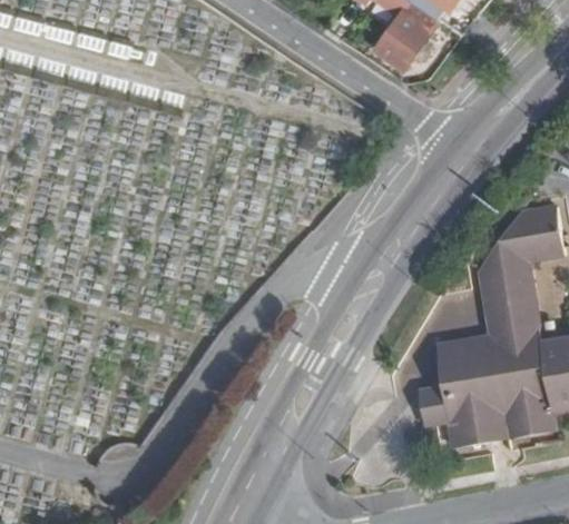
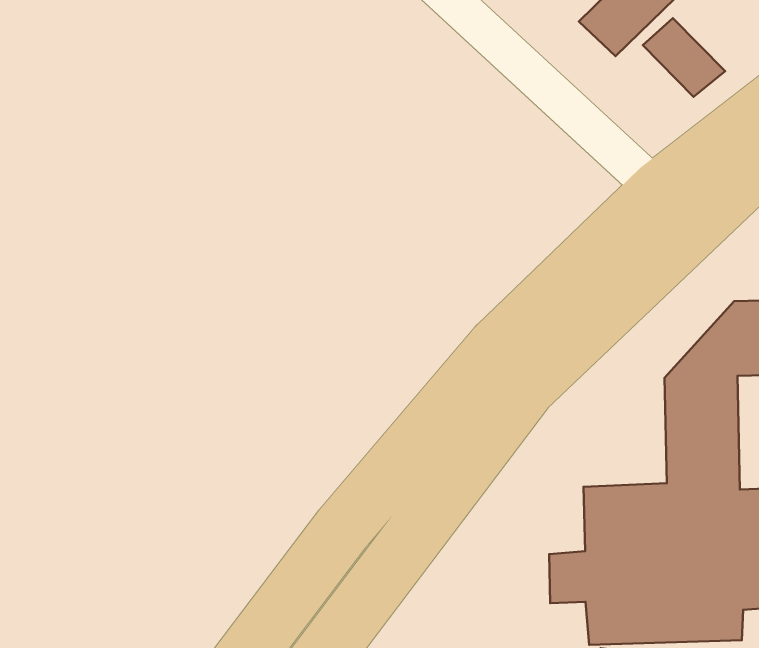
building: none -> [643,18,725,97]

